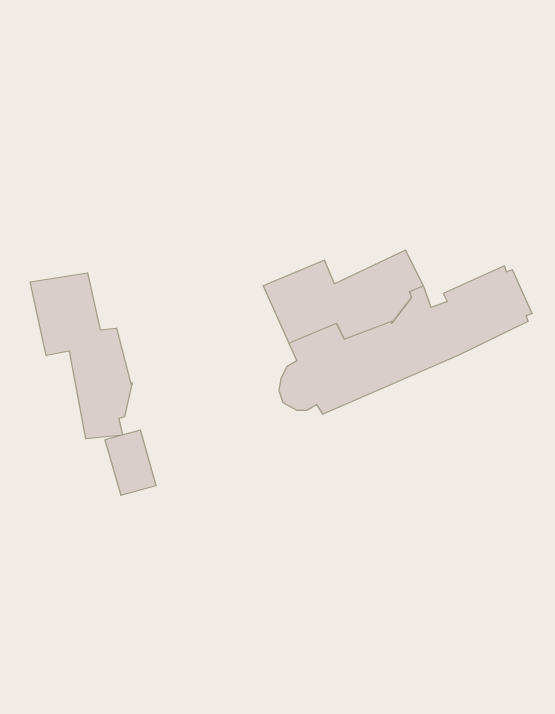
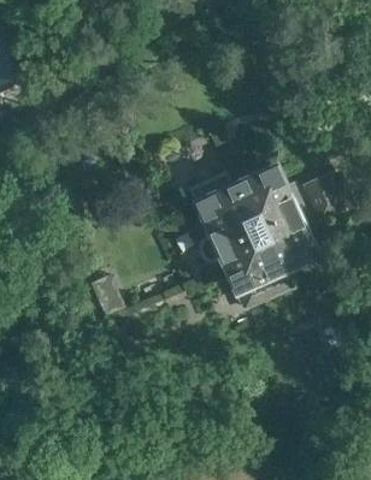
building: [30,273,132,439] -> none
building: none -> [222,226,318,309]

